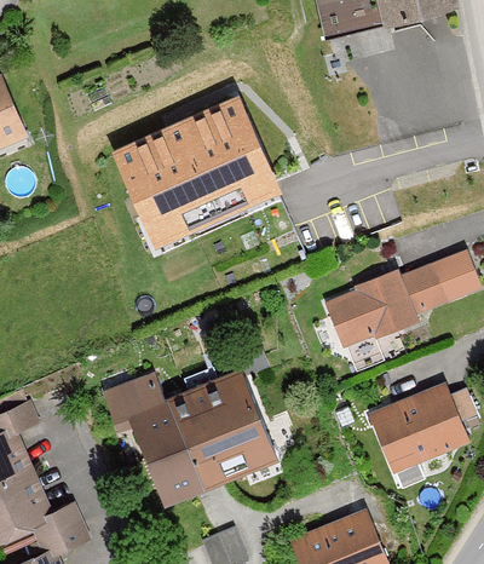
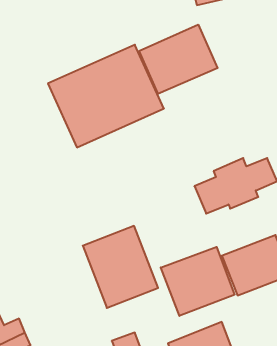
building: none -> [139,25,218,94]
building: [97,369,198,503] -> none
building: none -> [161,247,235,316]

